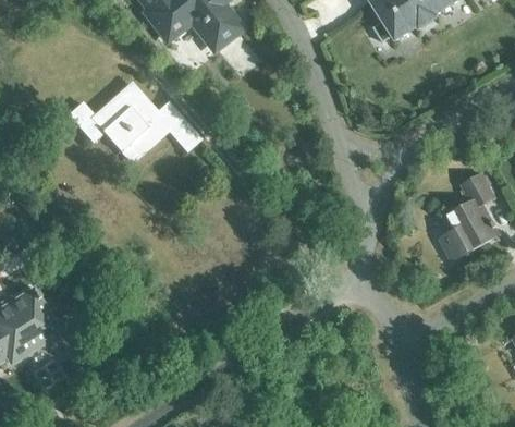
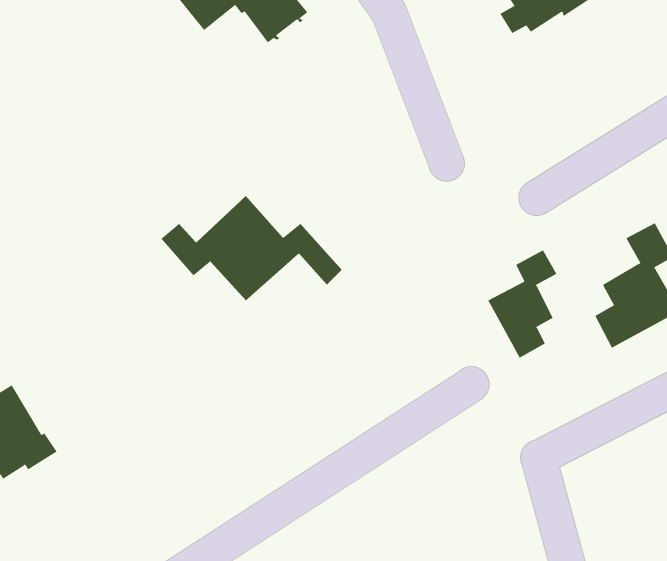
building: [70,84,197,158] -> [160,195,342,301]
building: none -> [487,249,557,359]

